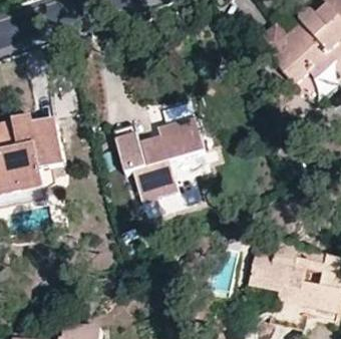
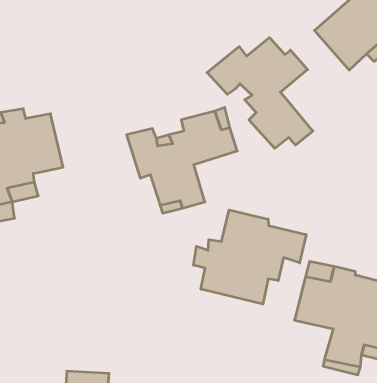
building: none -> [207,38,313,148]
building: none -> [194,210,306,304]

